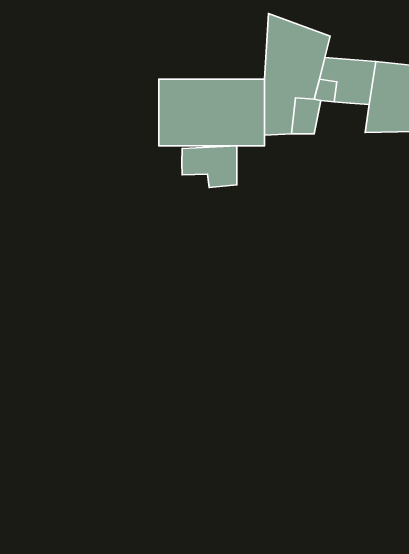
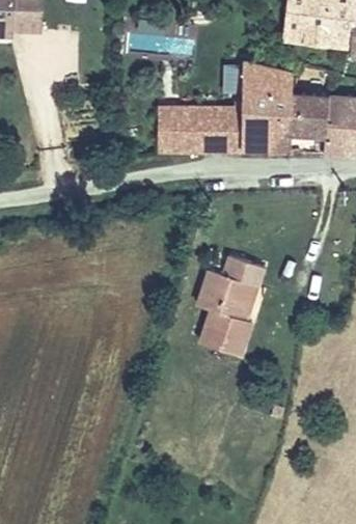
building: [182,146,237,187] -> none
building: none -> [198,257,264,359]

